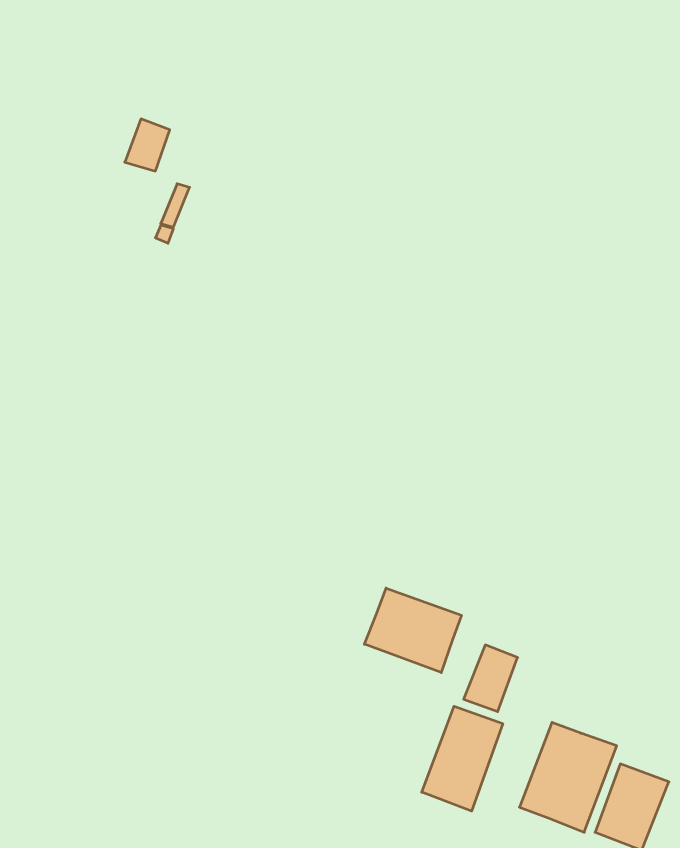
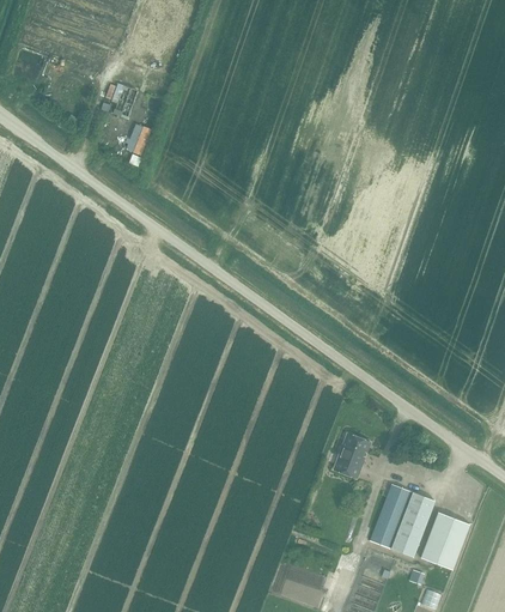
building: [364,588,461,673] -> none
building: [422,706,503,811] -> none

